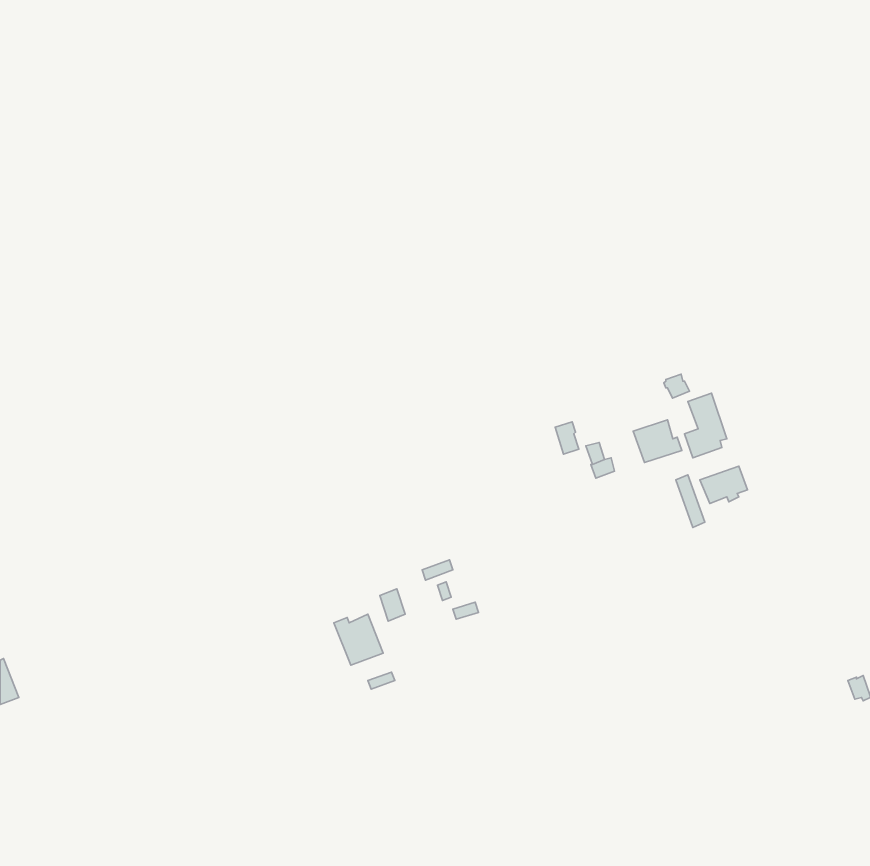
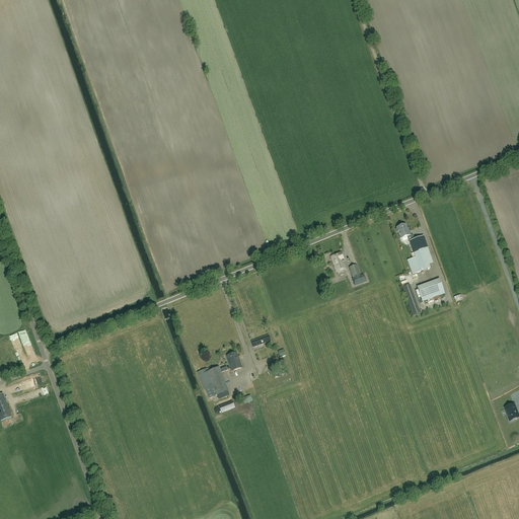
building: [633,420,682,463] -> none

